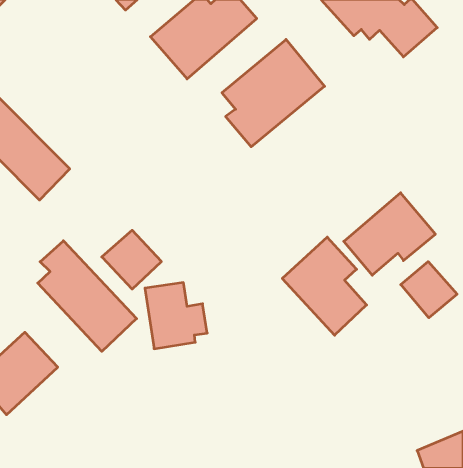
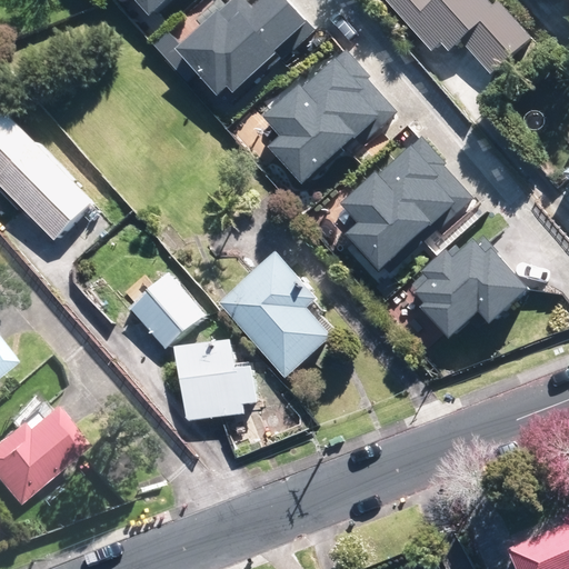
building: none -> [346,134,471,268]
building: [282,237,367,335] -> [217,262,319,381]
building: [38,241,137,351] -> none
building: [401,262,457,318] -> none

